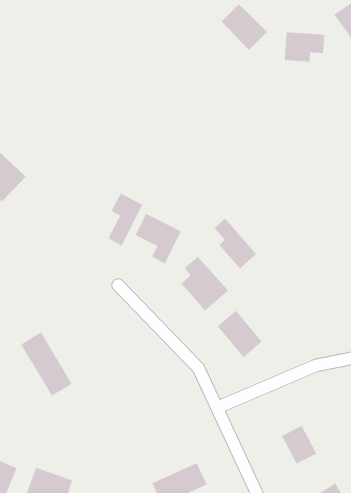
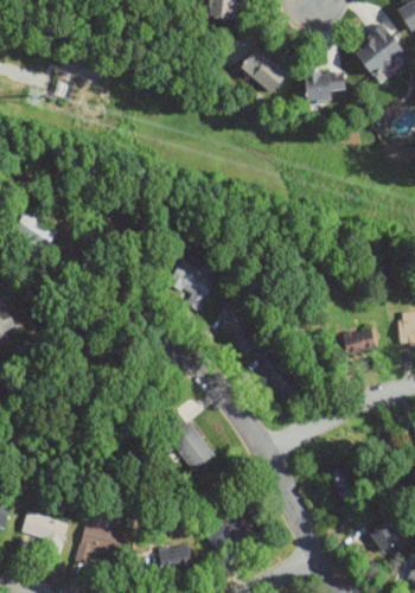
building: [108,193,143,247] -> none
building: [214,218,257,269] -> none
building: none -> [341,325,377,357]
building: [20,332,73,397] -> [159,406,213,470]

